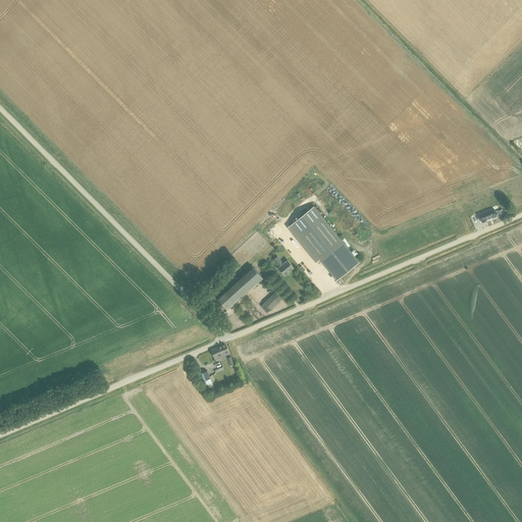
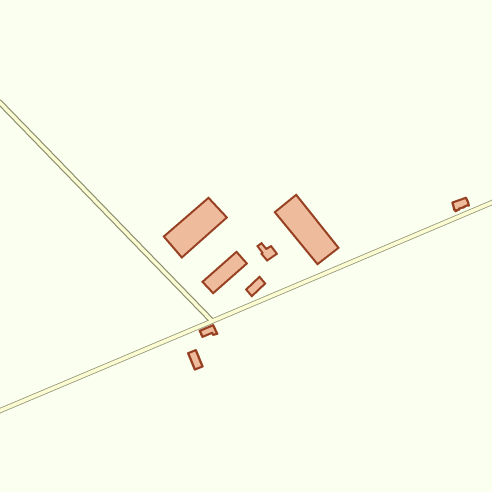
building: none -> [164,198,227,257]

